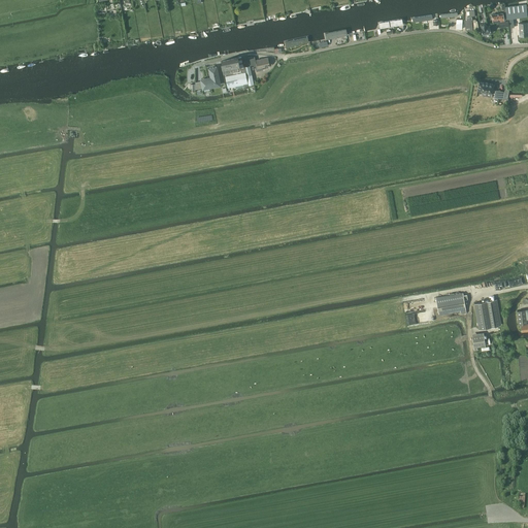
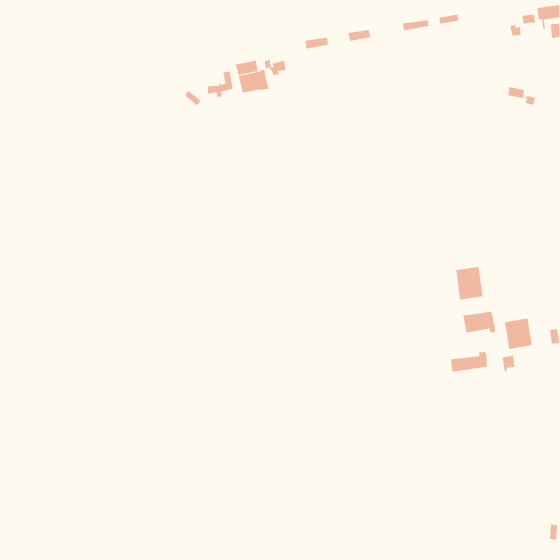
building: none -> [456,266,483,300]
building: none -> [451,351,488,372]

